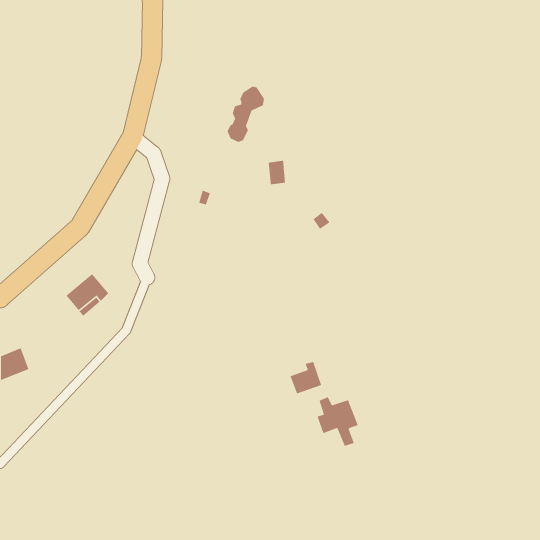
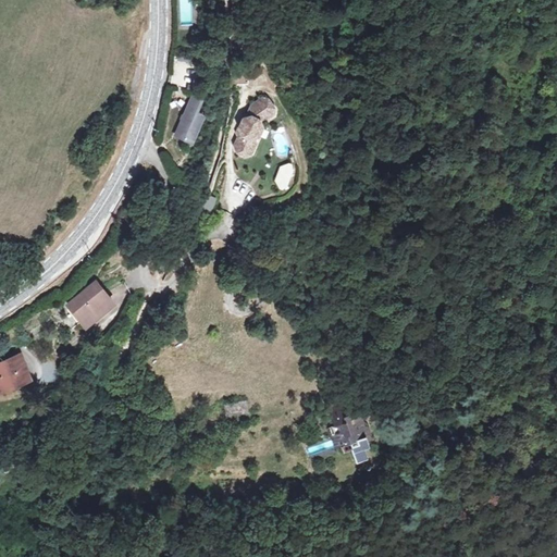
building: none -> [170,106,198,151]
building: [290,361,322,394] -> none

